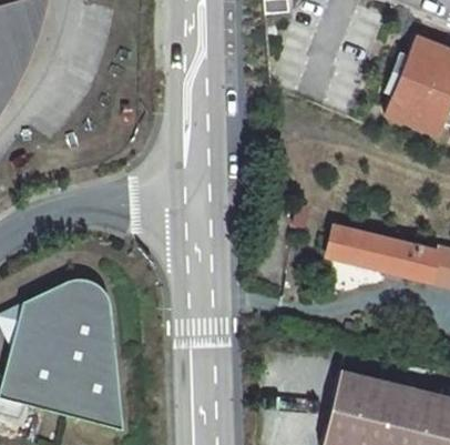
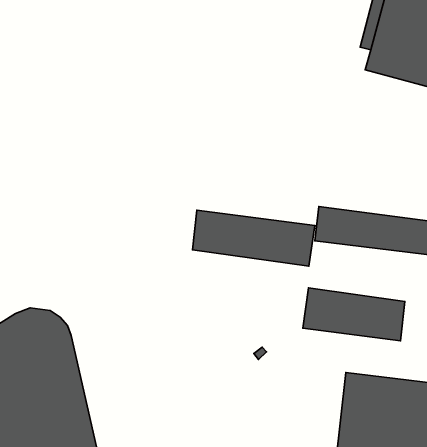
building: none -> [193,210,315,266]
building: none -> [303,288,405,341]

